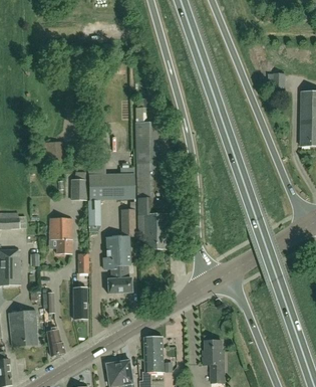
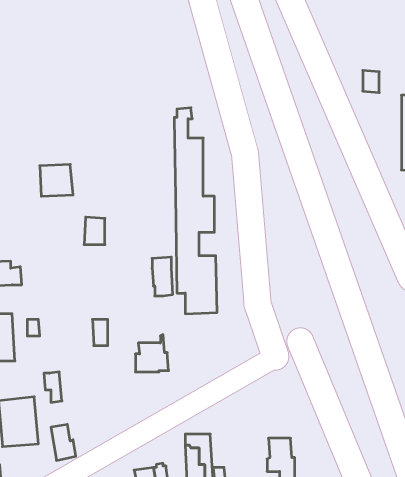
building: [87,154,134,205] -> none
building: [49,217,72,253] -> none
building: [103,236,130,270] -> none
building: [73,287,87,319] -> none

